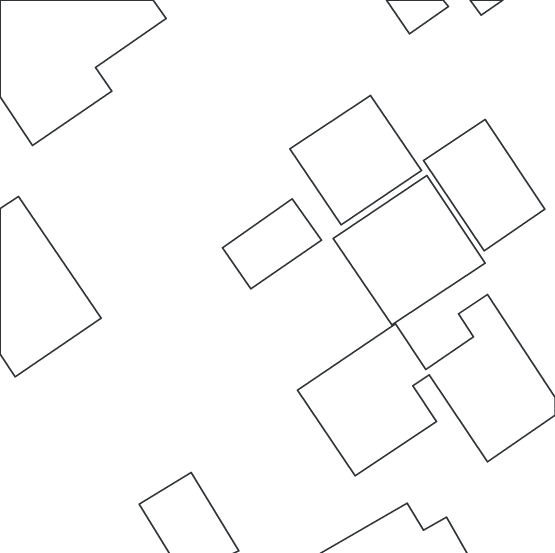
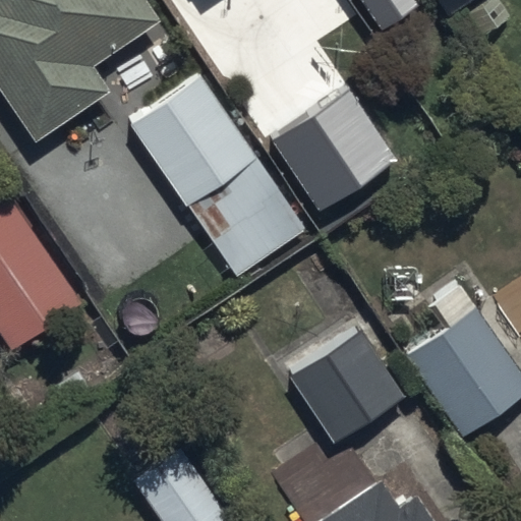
building: none -> [128,71,251,197]
building: [424,120,545,251] -> none
building: [333,176,485,325] -> none

